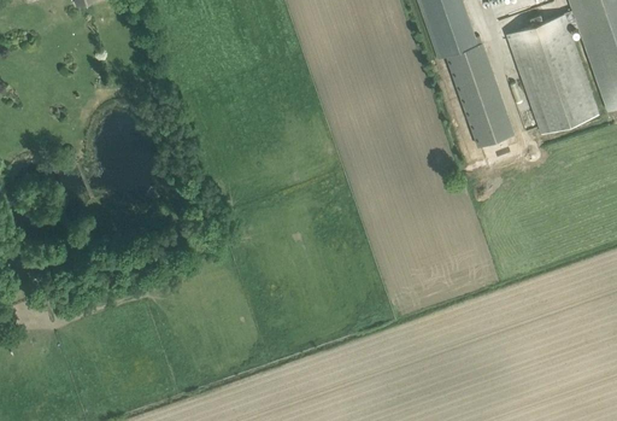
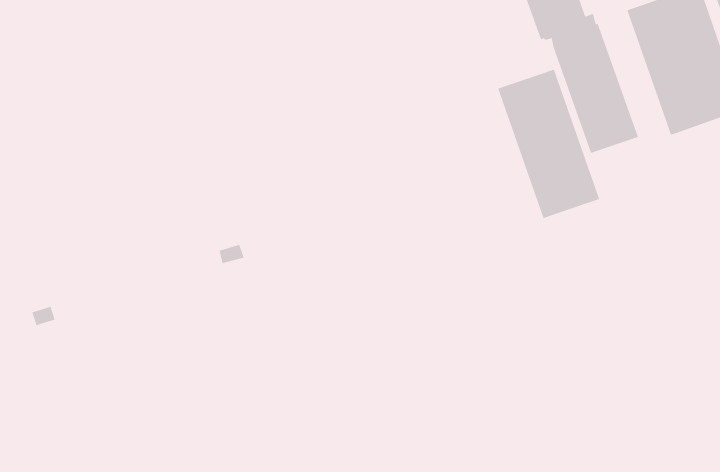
building: none -> [498,69,600,219]

